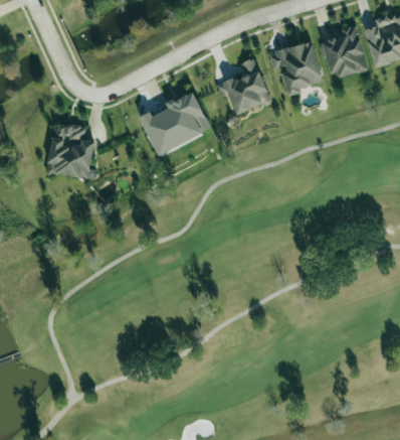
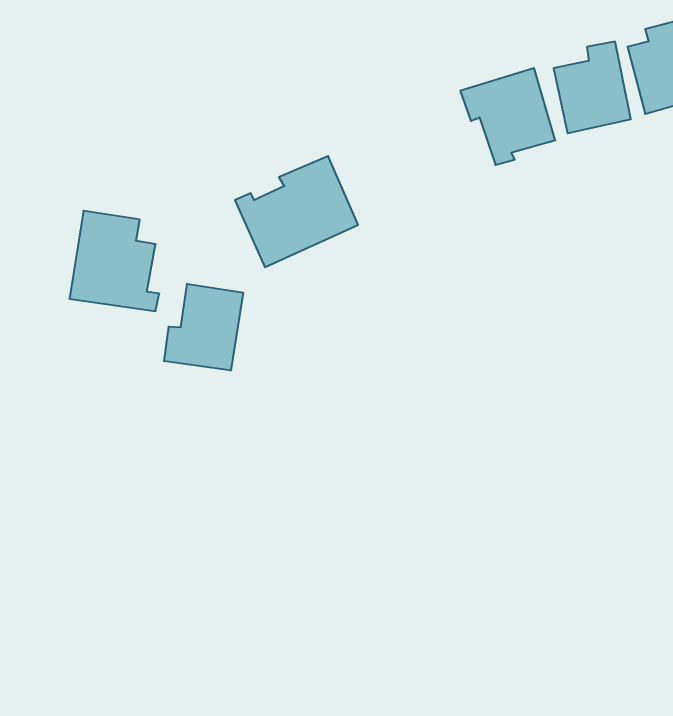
building: [218,57,270,114] -> none
building: none -> [164,284,243,371]

